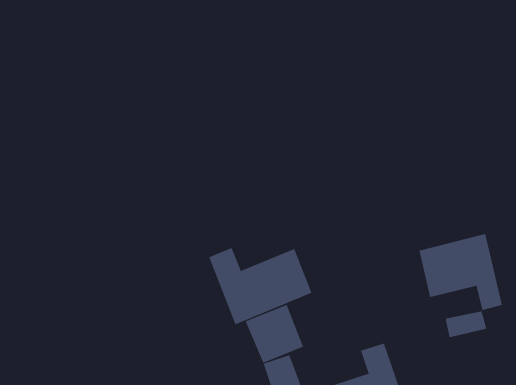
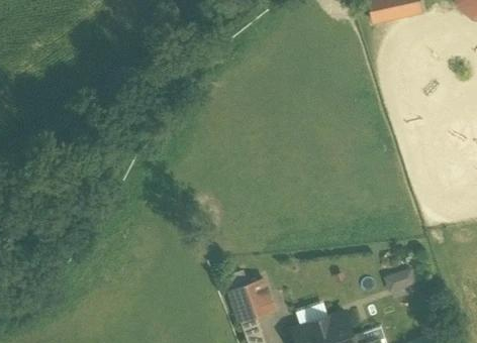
building: [419,233,502,311] -> none
building: [208,247,312,325] -> none

